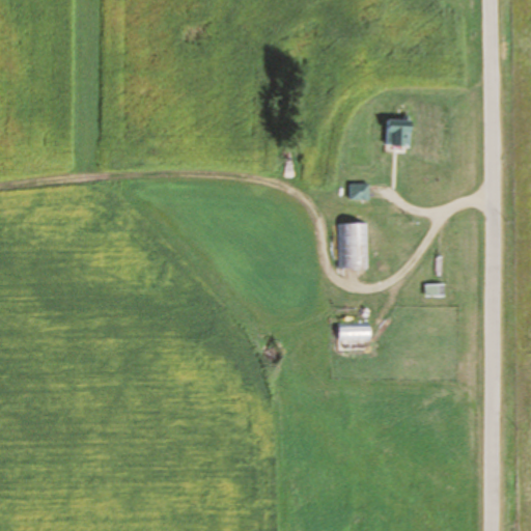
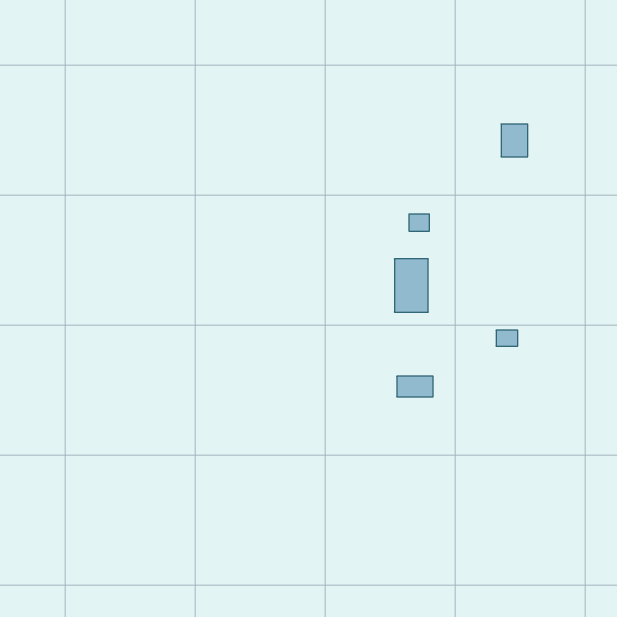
building: [386,119,409,147] -> [501,124,528,157]

